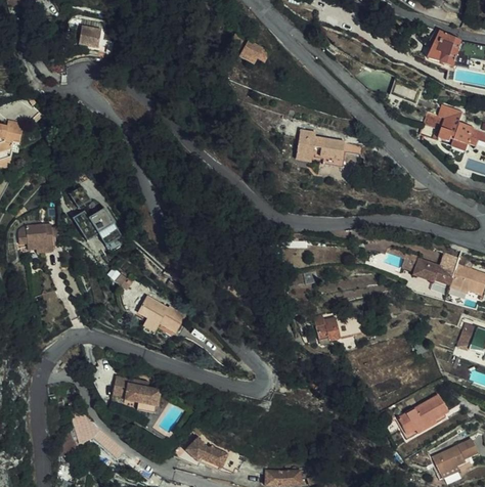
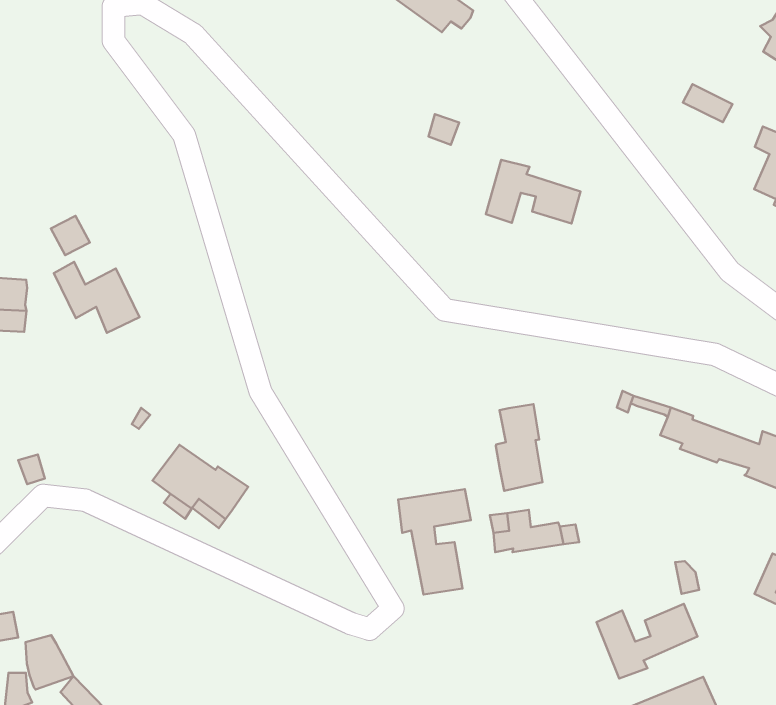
building: none -> [496,404,543,491]
building: none -> [398,489,471,595]
building: none -> [596,604,697,678]
building: [117,375,164,406] -> none

